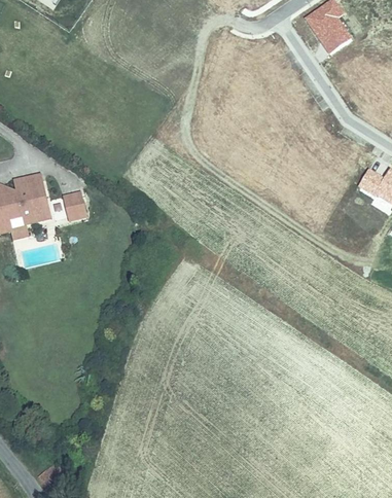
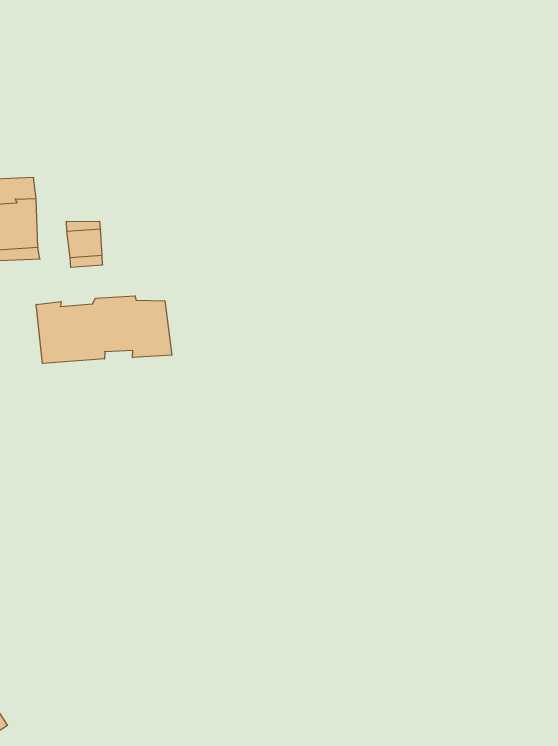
building: none -> [36,296,172,364]

